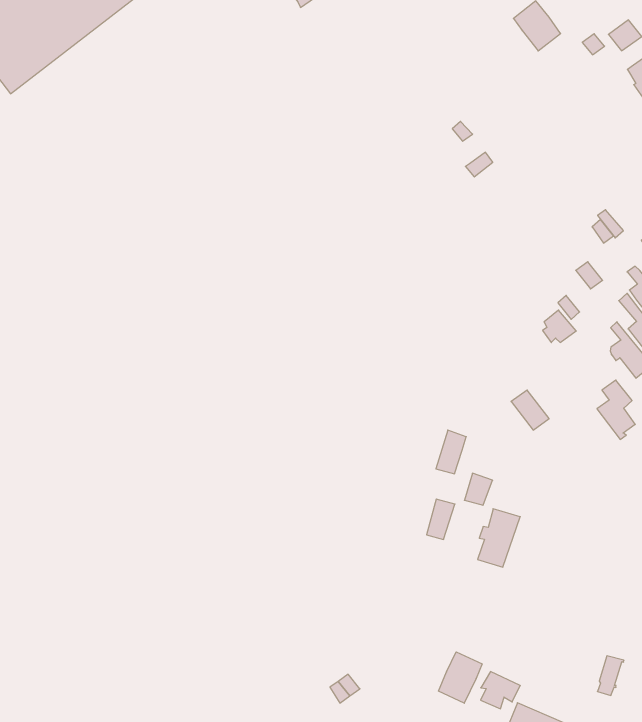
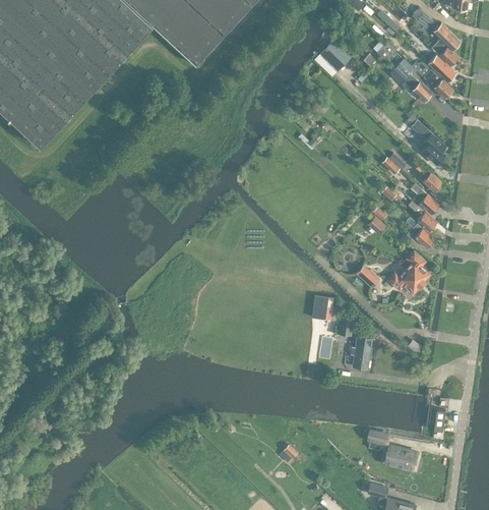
building: none -> [387,268,422,291]
building: [438,652,482,703] -> none

